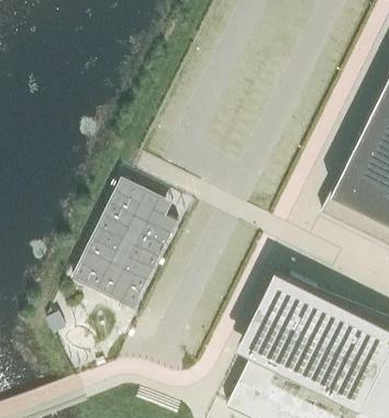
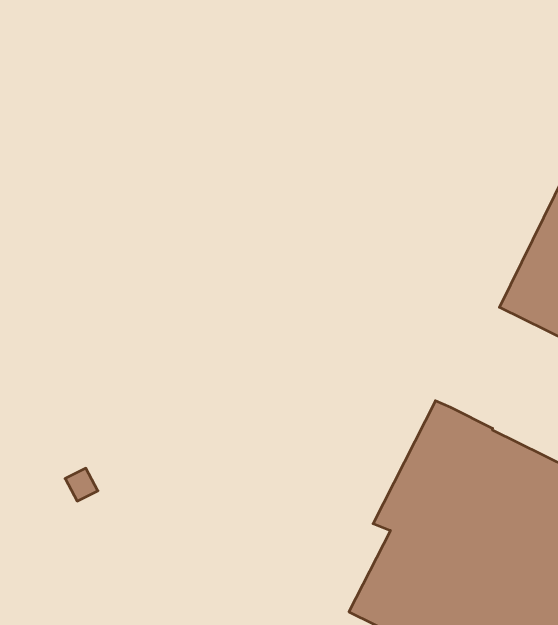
building: [73,178,177,308] -> none

